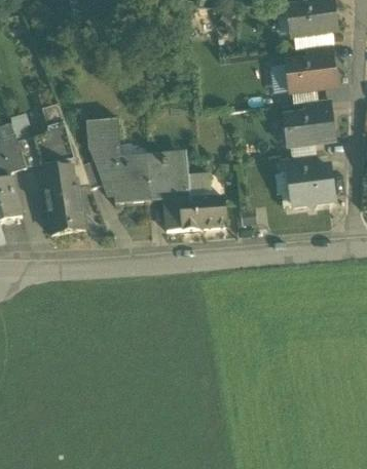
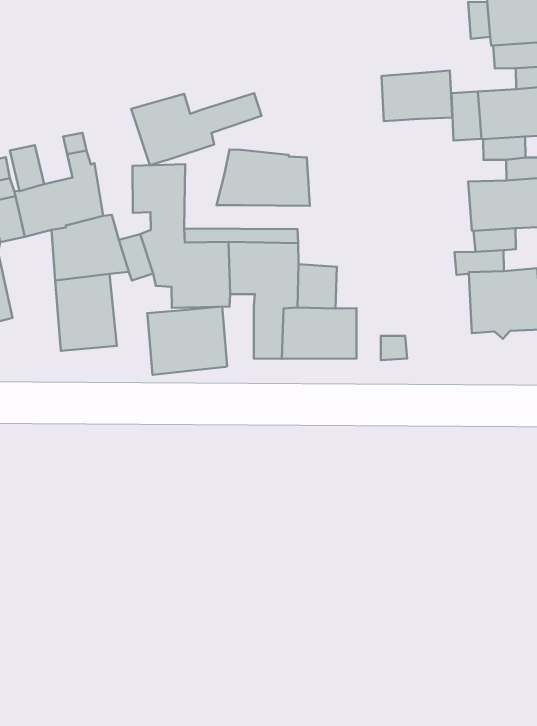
building: none -> [381,71,452,121]
building: none -> [131,93,261,165]
building: none -> [217,150,310,206]
building: none -> [147,307,227,375]

